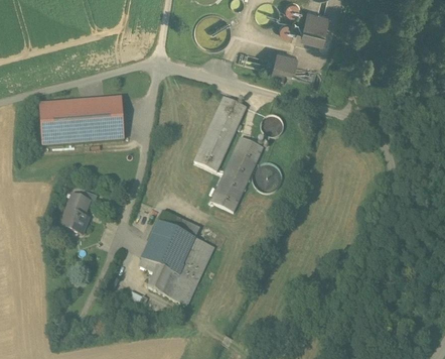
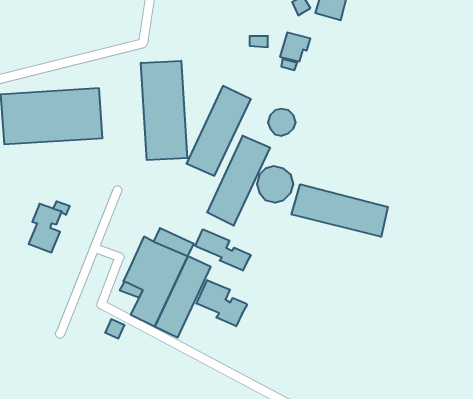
building: none -> [141,61,187,160]
building: none -> [292,184,388,237]
building: none -> [195,229,251,271]
building: none -> [196,280,247,326]

